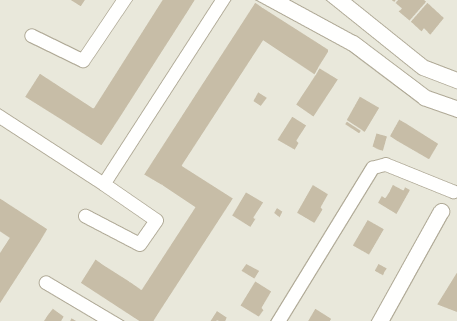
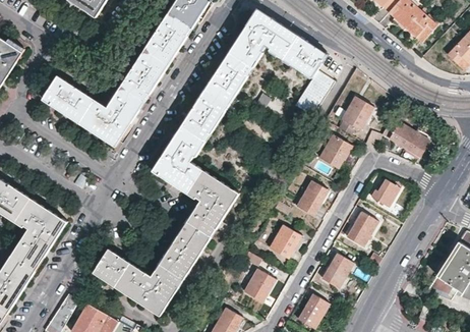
building: [277,116,307,151] -> [318,134,347,167]
building: [231,192,264,228] -> [269,225,299,259]
building: none -> [321,254,353,289]

